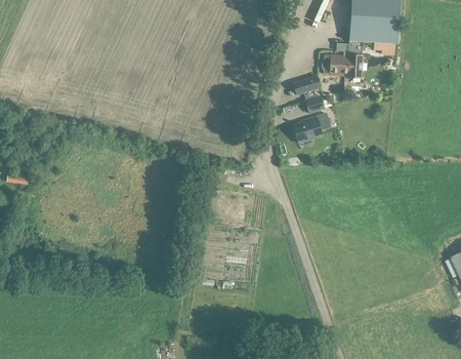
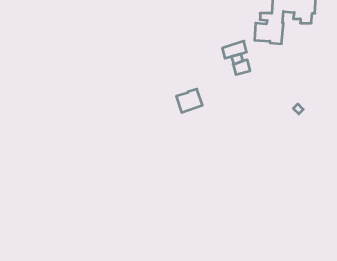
building: [293,116,323,143] -> [176,89,202,112]

